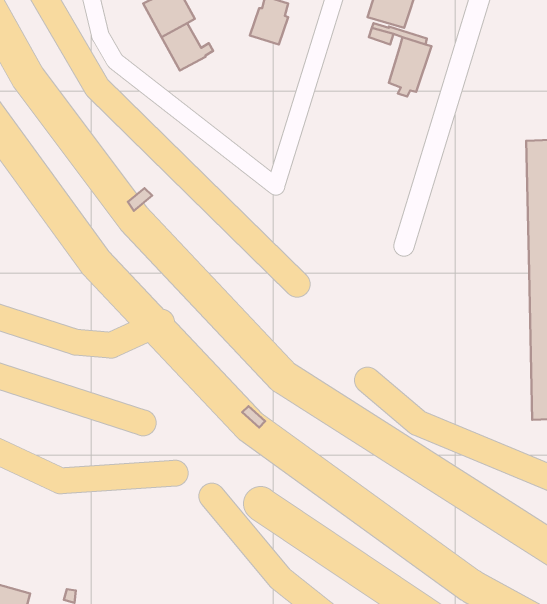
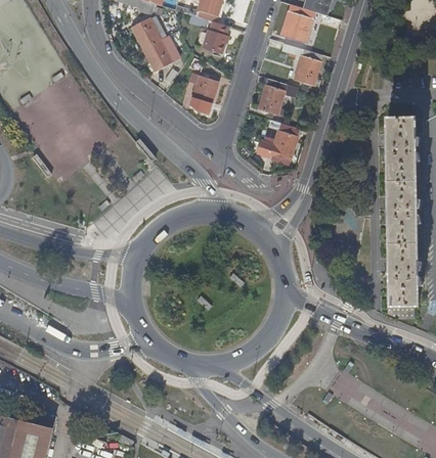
building: none -> [190,75,218,109]
building: none -> [258,79,297,116]
building: none -> [271,123,300,161]

